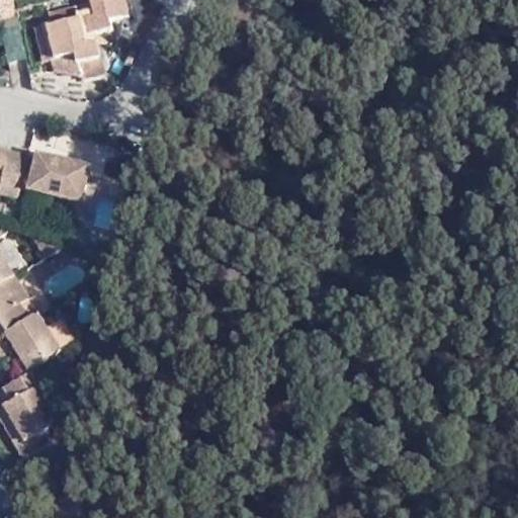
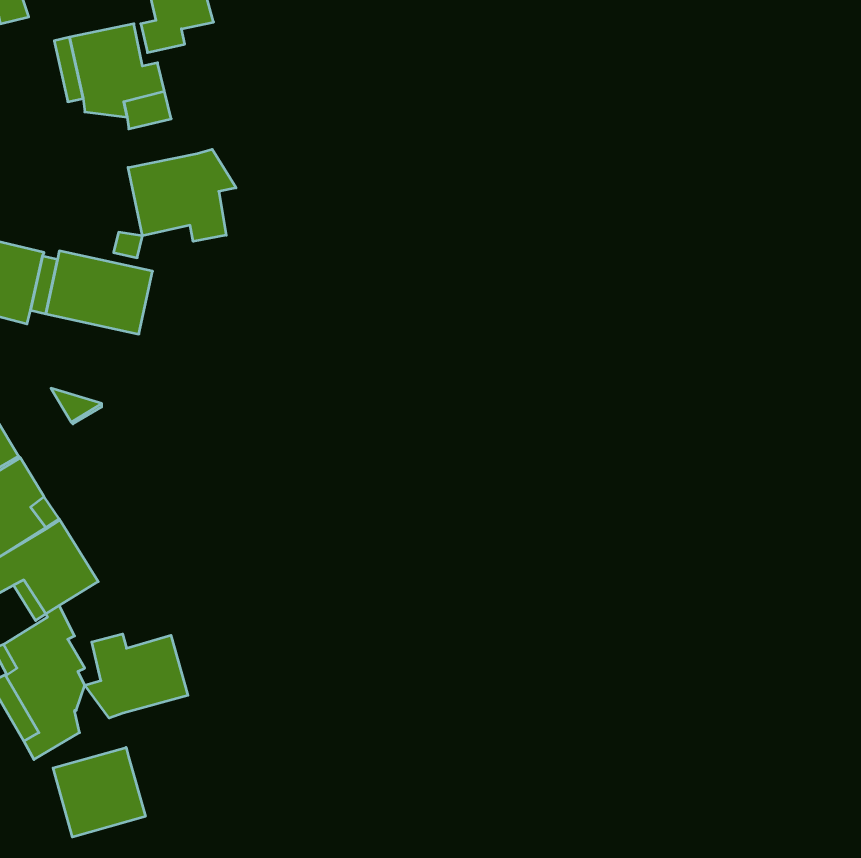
building: none -> [128,149,236,241]
building: none -> [85,634,188,718]
building: none -> [53,747,145,837]

